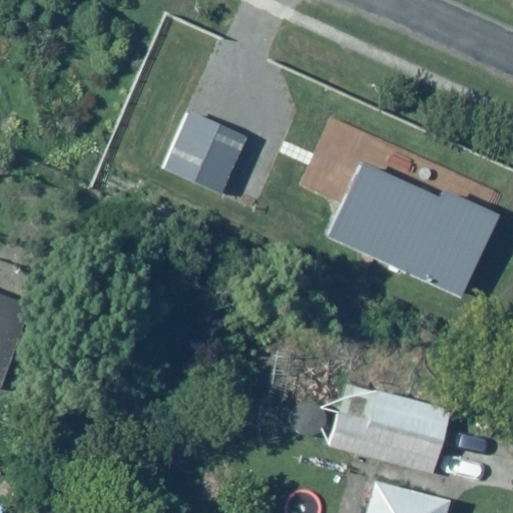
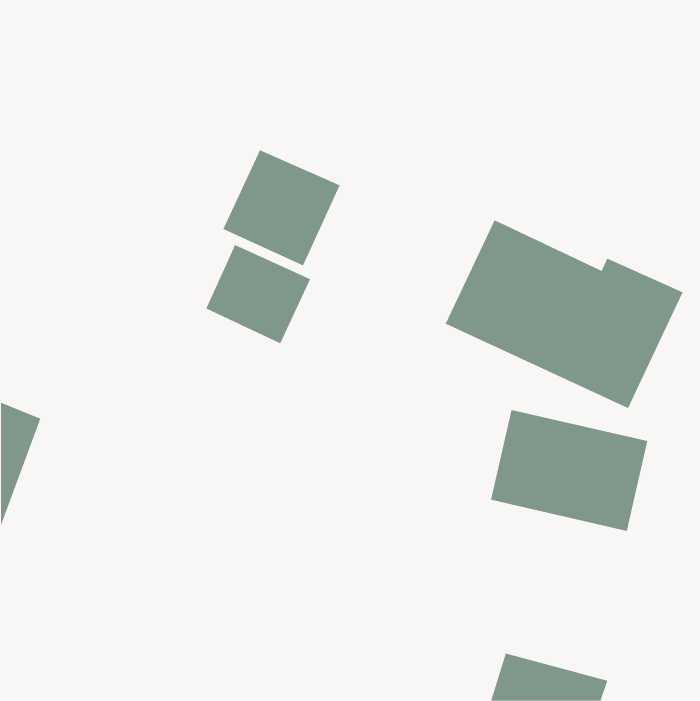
building: none -> [206,244,311,344]
building: [330,384,445,473] -> [490,409,648,532]

